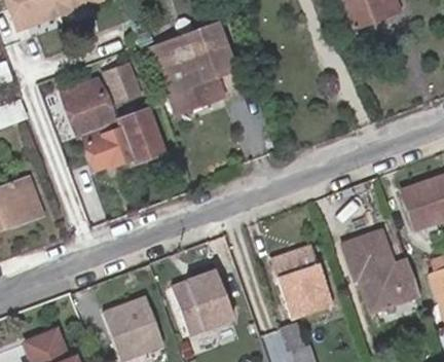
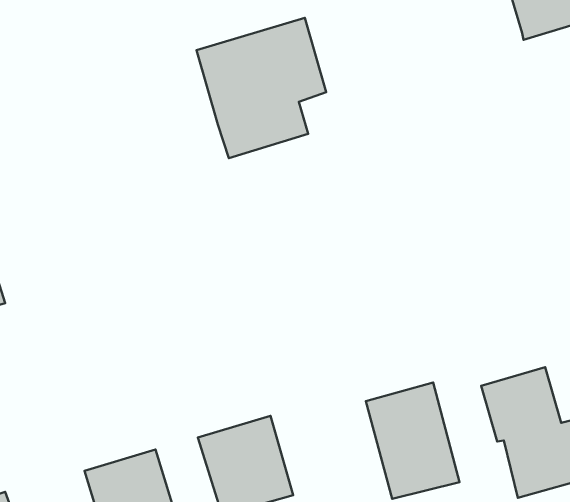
building: [62,64,162,169] -> none

